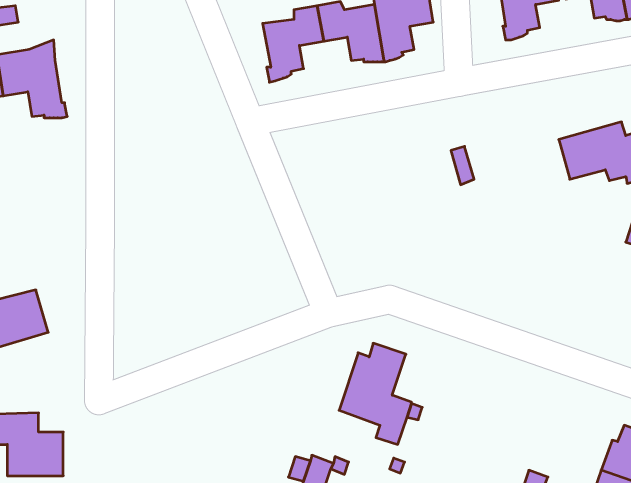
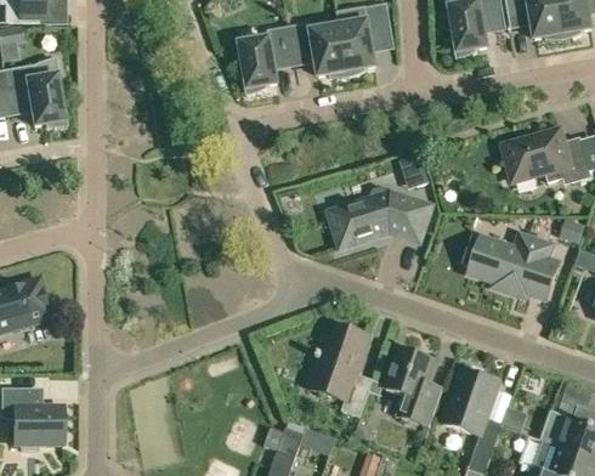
building: none -> [328,185,432,248]
building: none -> [464,233,560,298]
building: none -> [385,346,442,425]
building: none -> [443,367,499,435]

